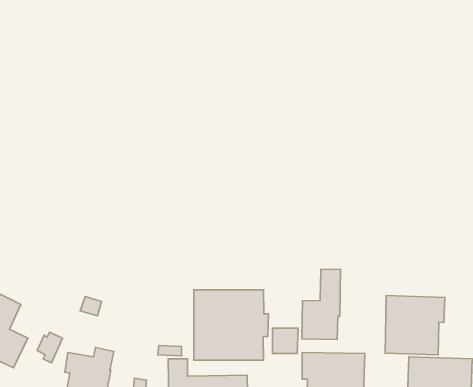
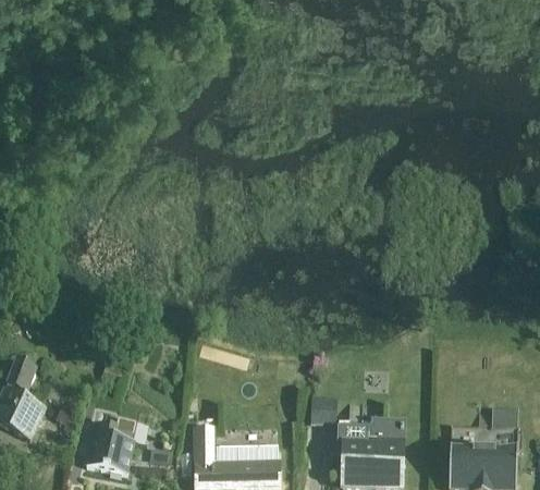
building: [302,269,341,339] -> none
building: [194,290,269,360] -> none
building: [385,295,445,355] -> none

